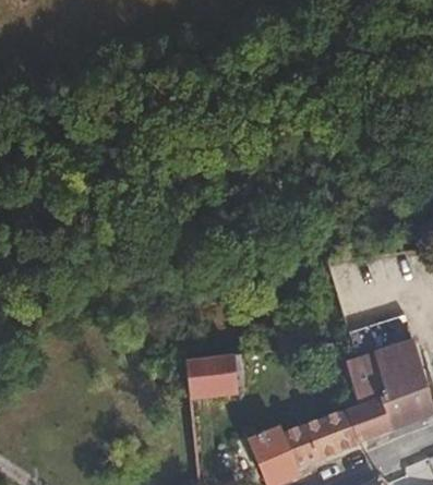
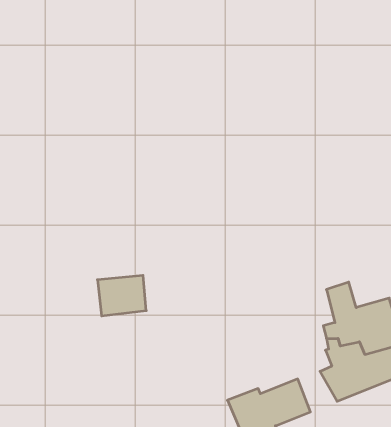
building: [187,356,237,398] -> [97,275,146,316]
building: [321,412,361,453] -> none

